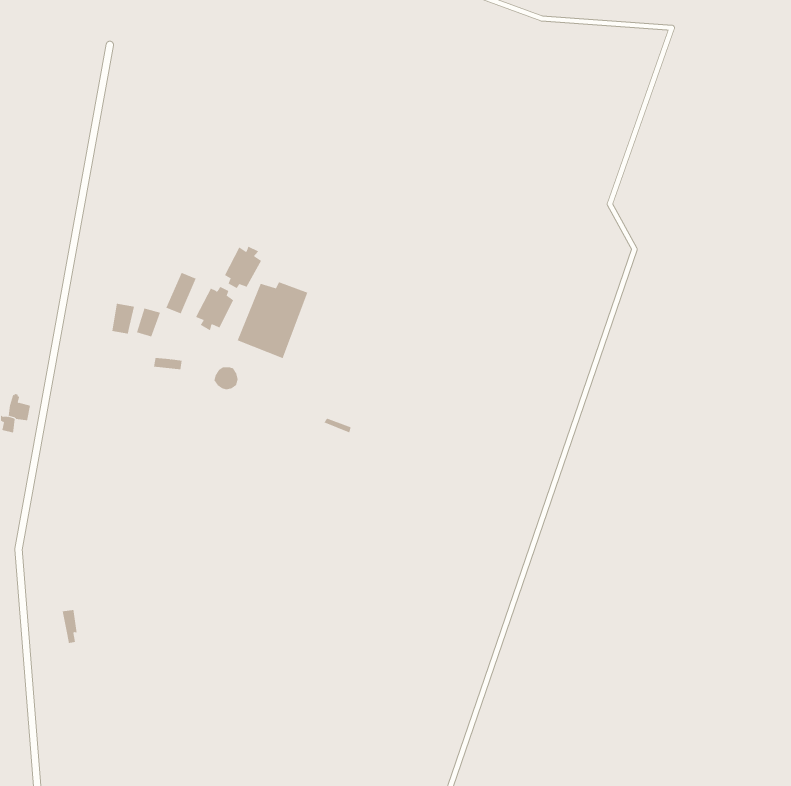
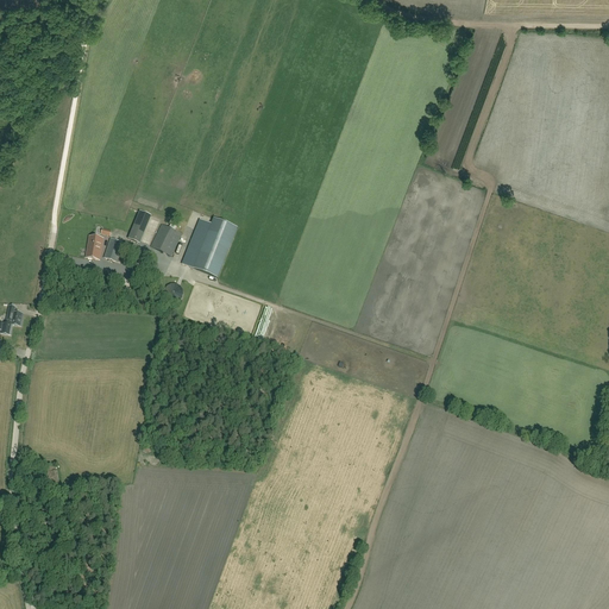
building: [224,246,262,289] -> none

